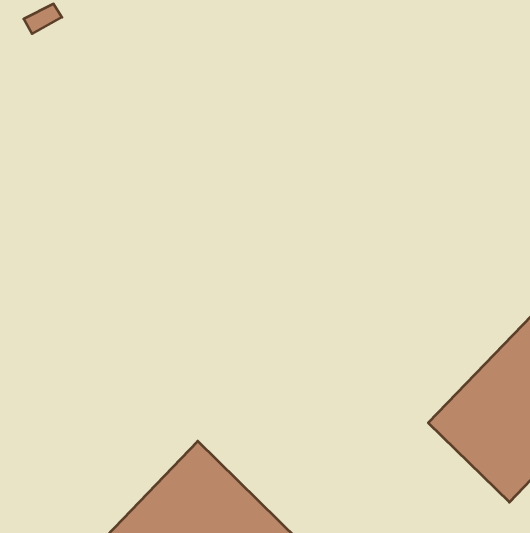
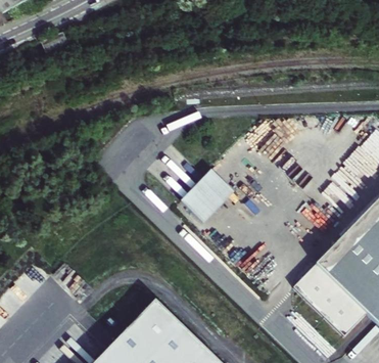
building: none -> [184,169,236,221]

